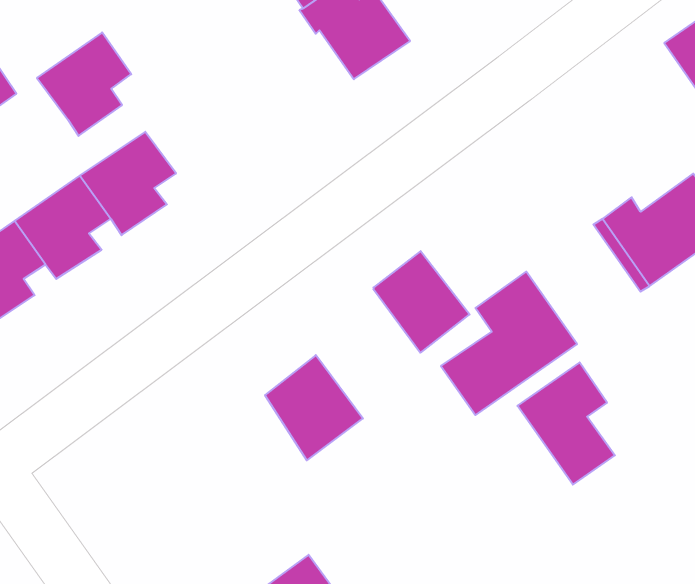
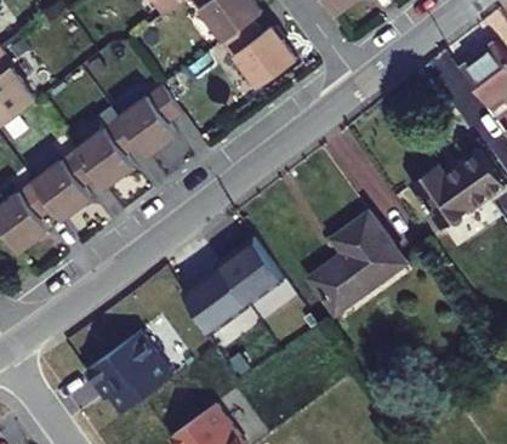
building: [37,32,131,136] -> [112,92,175,161]
building: [373,251,470,353] -> [226,246,290,314]
building: [517,362,615,485] -> none
building: none -> [90,334,178,414]

